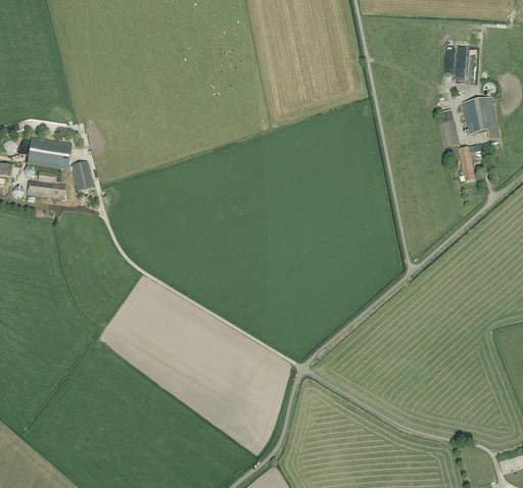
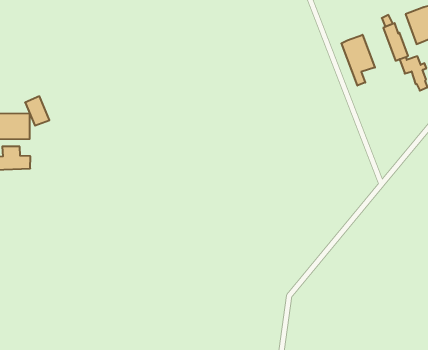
building: none -> [341,35,375,86]
building: [72,161,93,190] -> [25,96,49,126]

